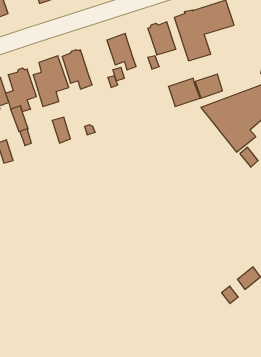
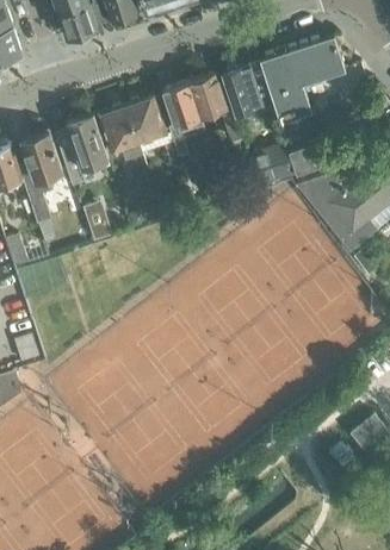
building: none -> [190,76,228,121]
building: none -> [125,100,166,148]

